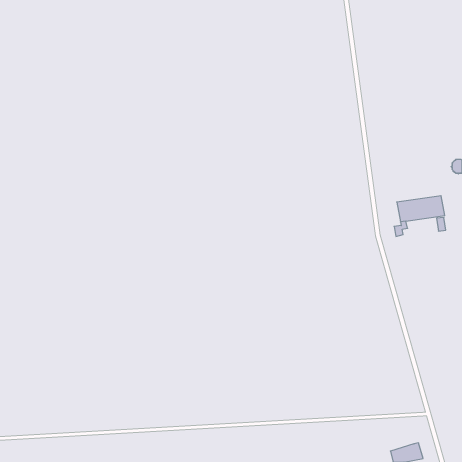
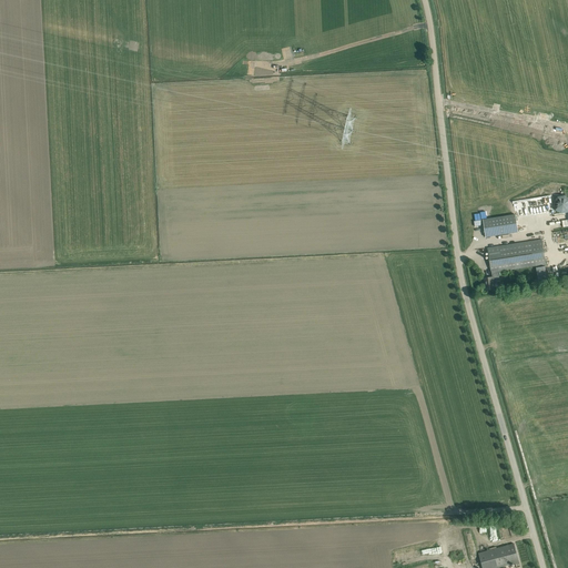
building: none -> [481,214,517,236]

